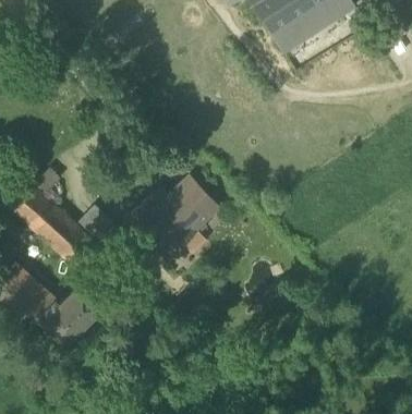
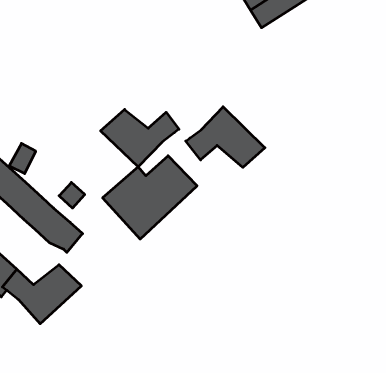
building: none -> [186,107,265,167]
building: none -> [101,109,179,167]

